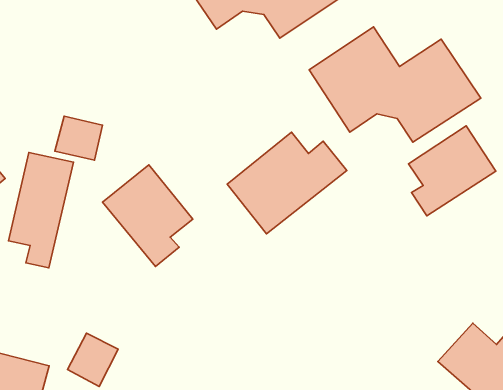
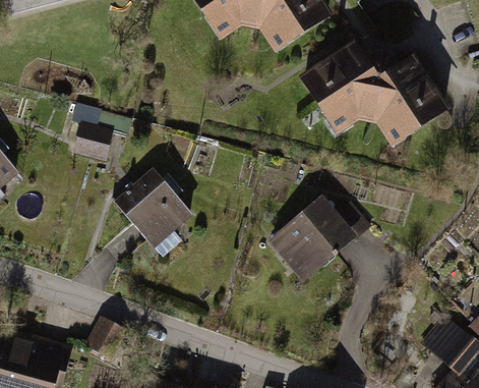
building: [408,126,496,216] -> none
building: [227,132,347,234] -> [266,191,374,283]
building: [9,152,73,268] -> none

